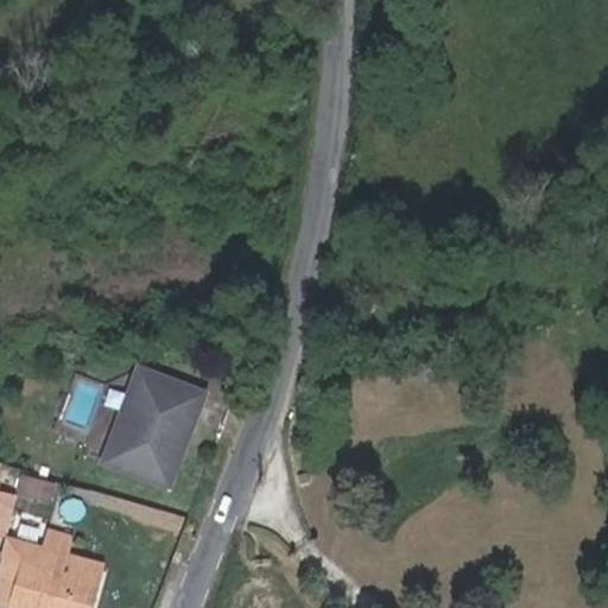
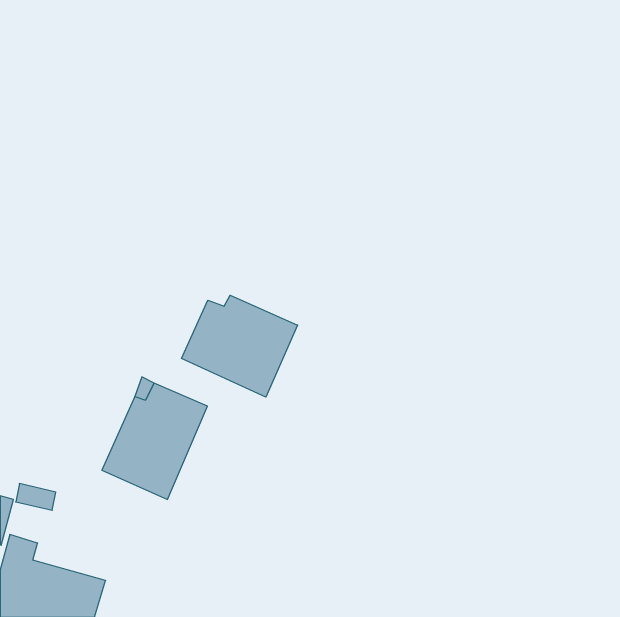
building: none -> [182,295,298,397]

